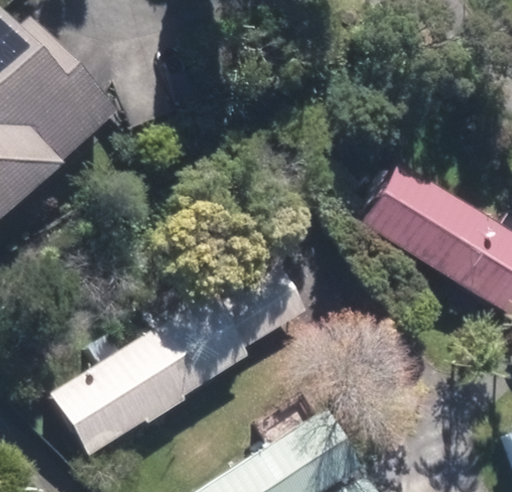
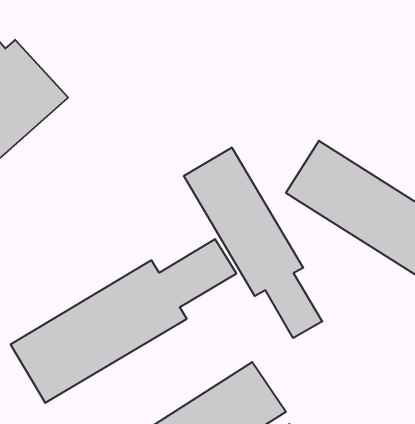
building: none -> [184,147,322,338]

